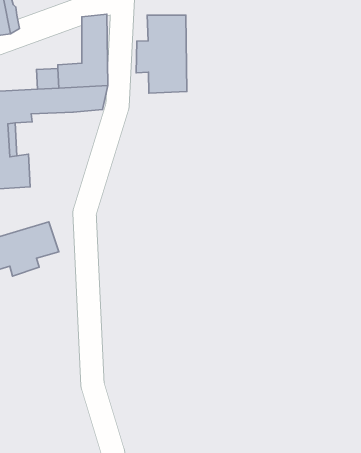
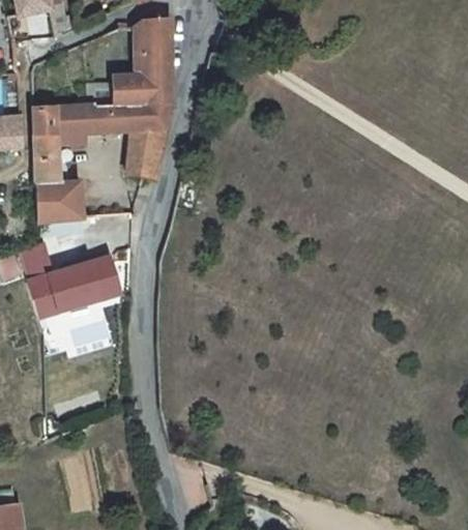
building: [136,15,187,93] -> none
building: none -> [127,127,166,178]

